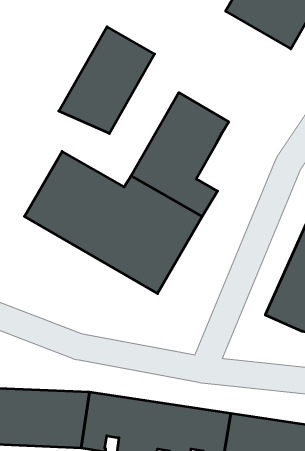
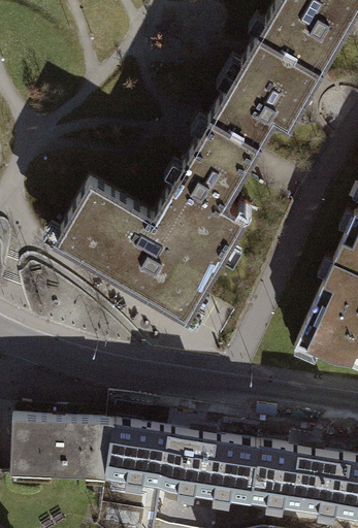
building: none -> [207,37,321,150]
building: [59,27,155,134] -> none

